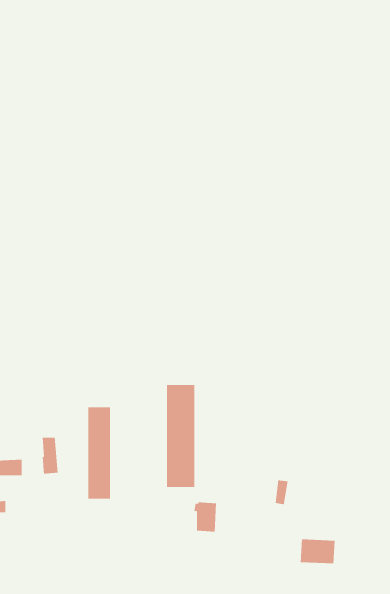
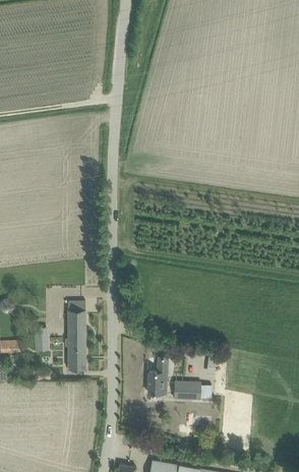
building: [167,384,195,488] -> none
building: [300,539,336,564] -> [174,381,200,400]

